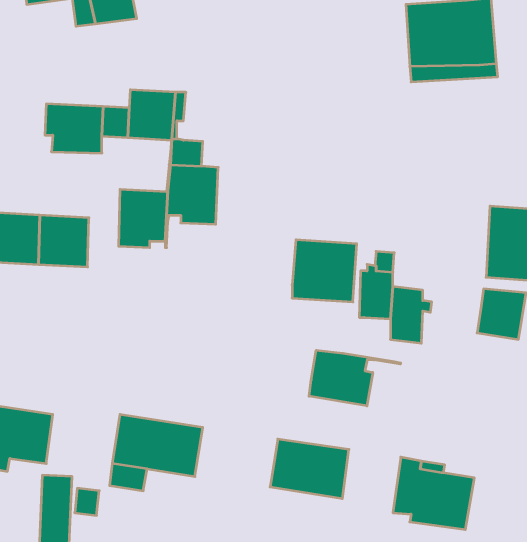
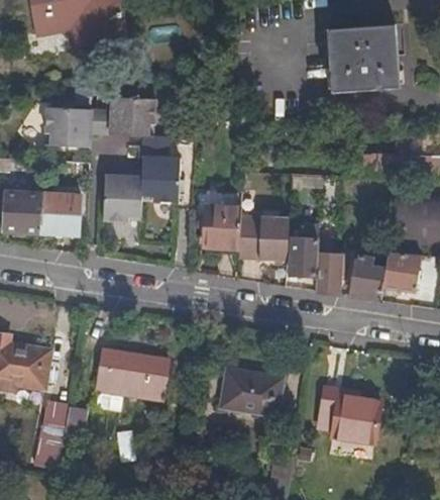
building: none -> [203,207,241,248]
building: none -> [348,255,386,301]
building: [309,350,401,406] -> none

